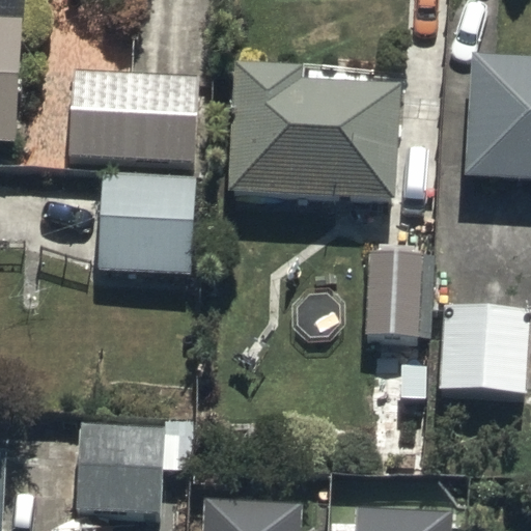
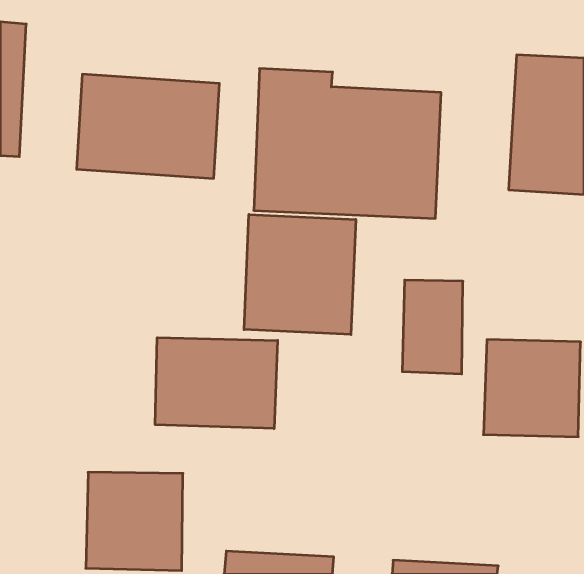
building: [99,172,196,274] -> none
building: none -> [244,214,356,335]
building: none -> [155,338,278,429]

